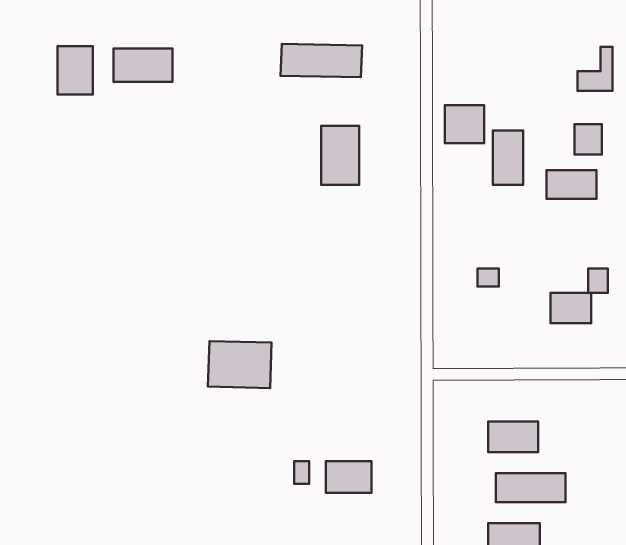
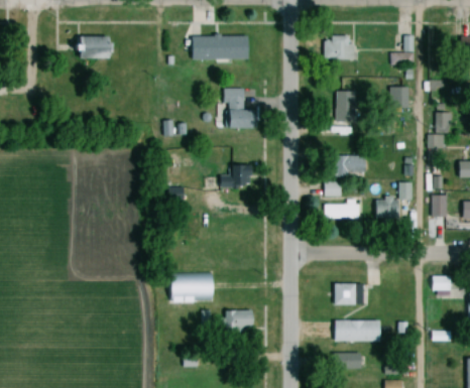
building: [58,46,93,95] -> none
building: [445,105,484,143] -> [326,36,352,61]
building: [547,170,597,199] -> [335,156,368,175]
building: none -> [222,165,252,188]
building: none -> [324,204,361,220]
building: [208,341,272,388] -> [172,271,215,302]

